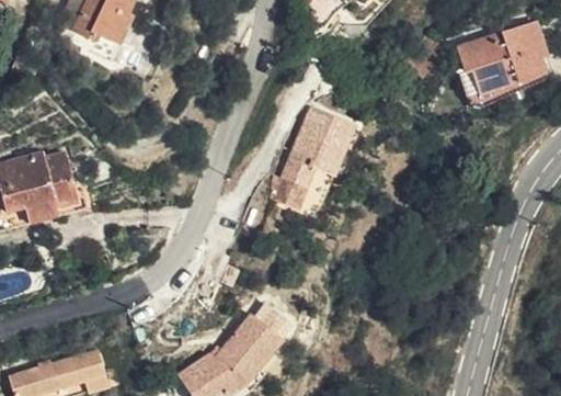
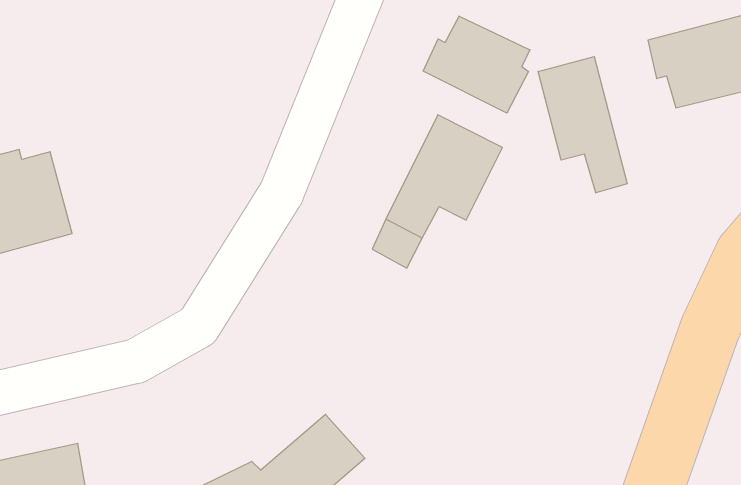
building: none -> [423,16,530,113]
building: none -> [538,57,627,193]

